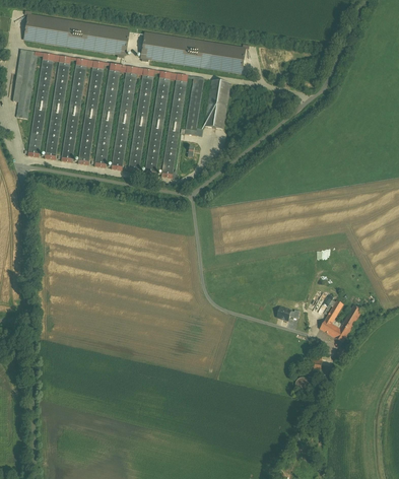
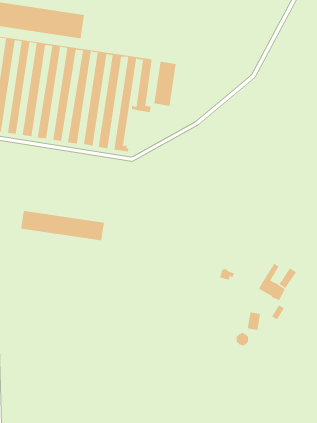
building: [139,30,246,73] -> none
building: none -> [21,210,104,241]

